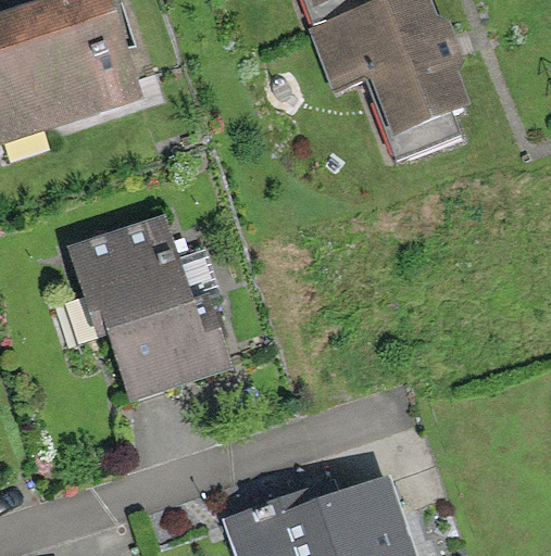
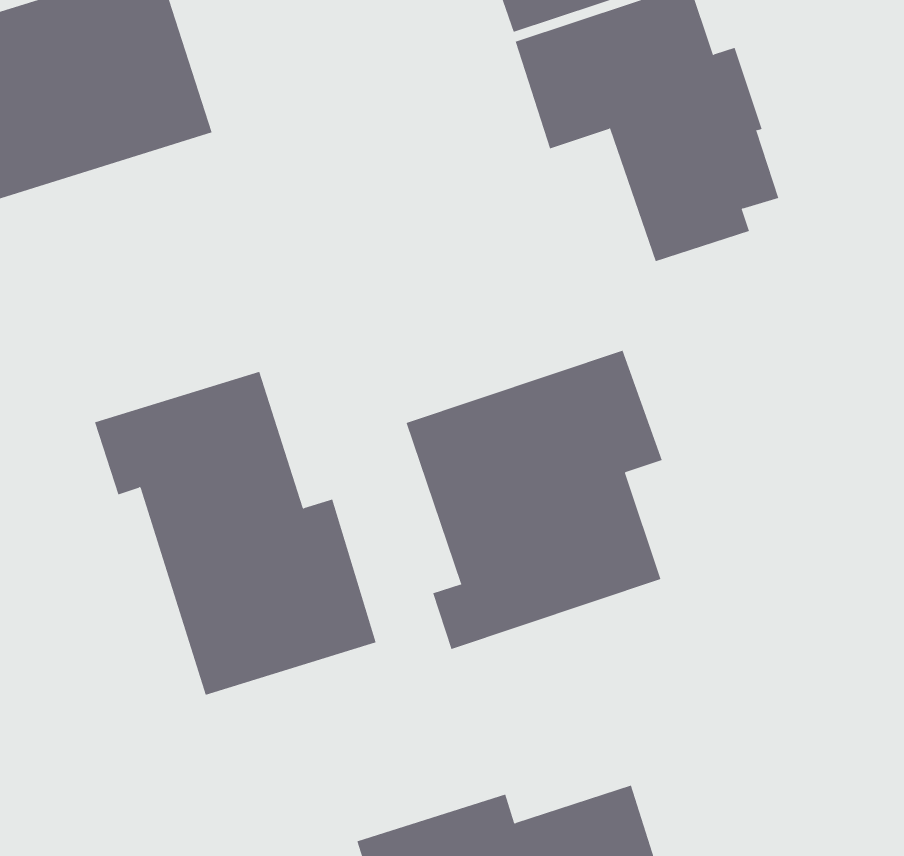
building: none -> [406,350,663,650]

